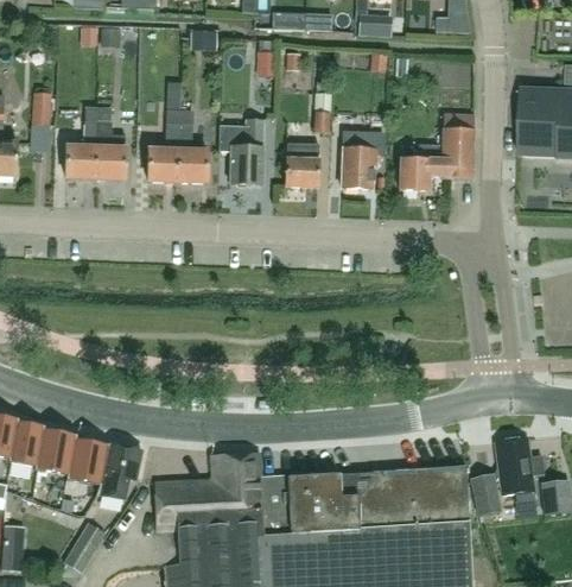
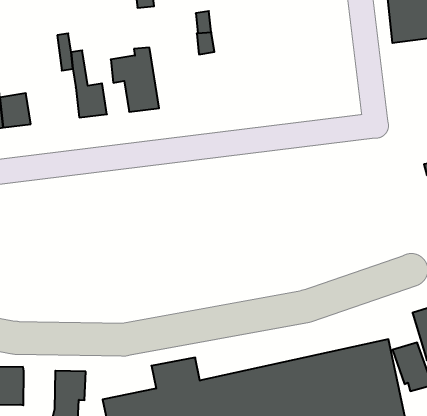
building: [399,114,474,191] -> none
building: [341,131,383,189] -> none
building: [285,143,319,188] -> none
building: [148,149,178,182] -> none
building: [66,440,109,485] -> none

